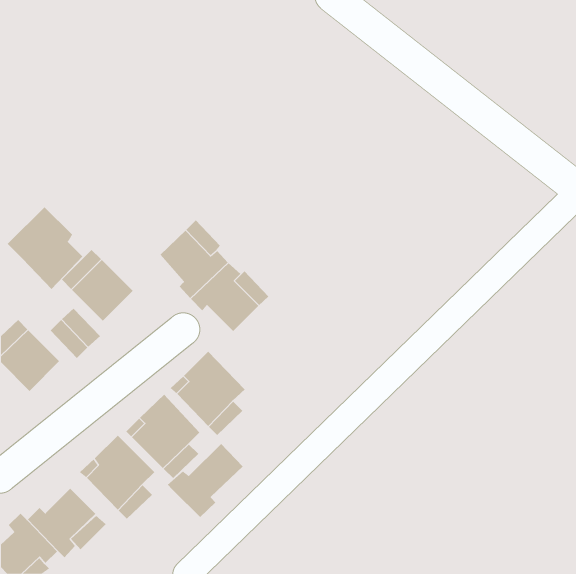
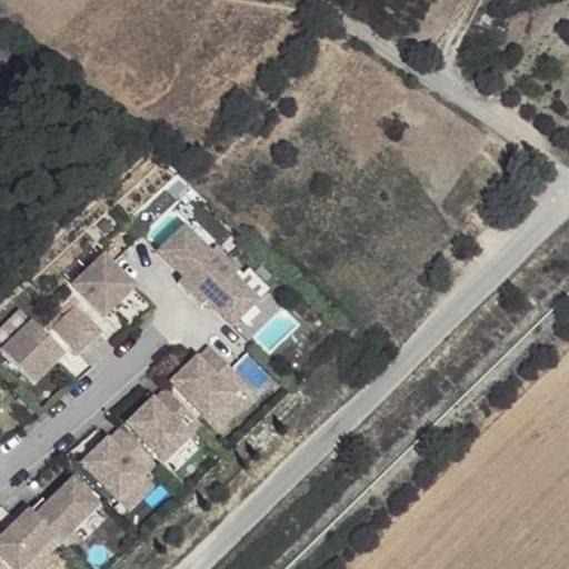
building: [7,206,83,290] -> none
building: [167,443,243,518] -> none

